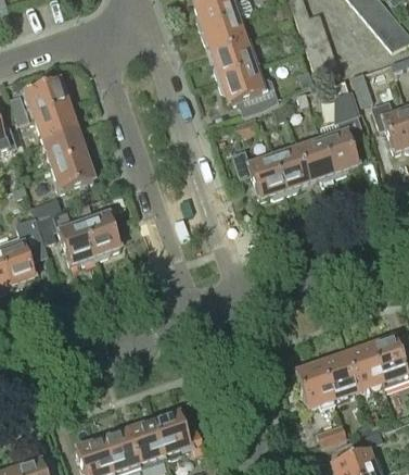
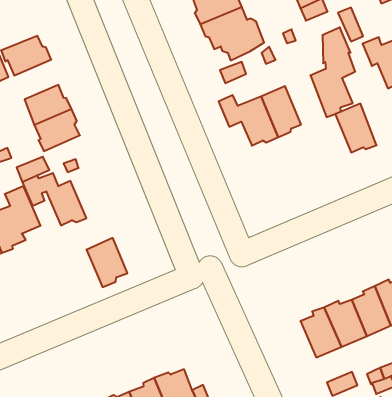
building: [35,104,77,141] -> none
building: [295,136,333,183] -> [335,104,377,152]
building: [82,213,120,260] -> [86,238,127,287]

